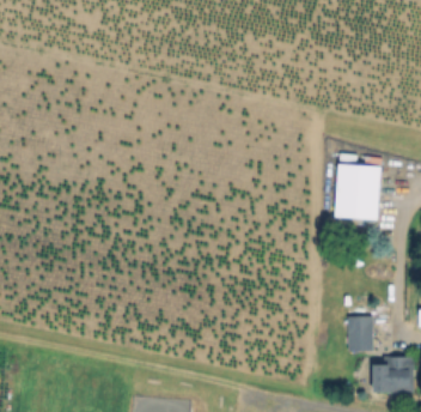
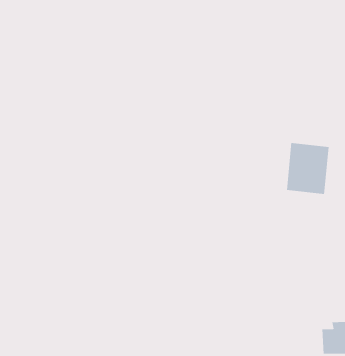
building: [348,316,373,350] -> none

